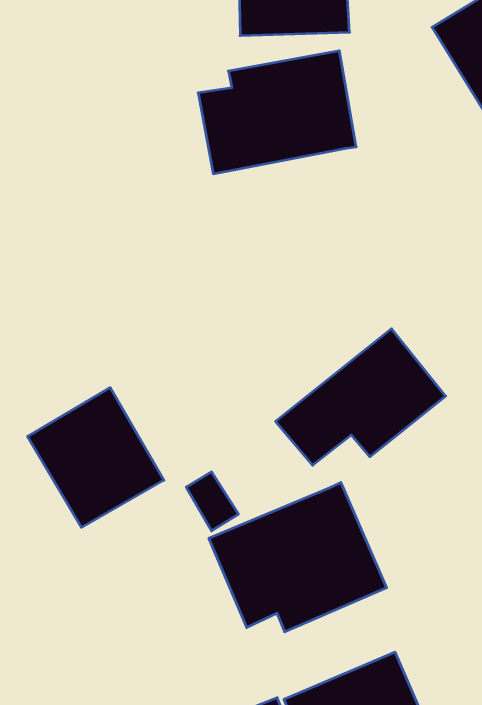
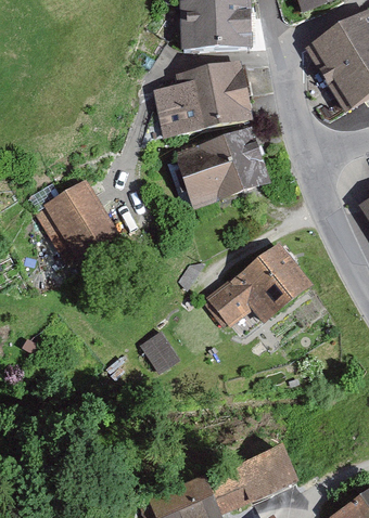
building: none -> [169,124,271,210]
building: [28,388,164,527] -> [31,178,119,268]
building: [209,482,387,632] -> none

